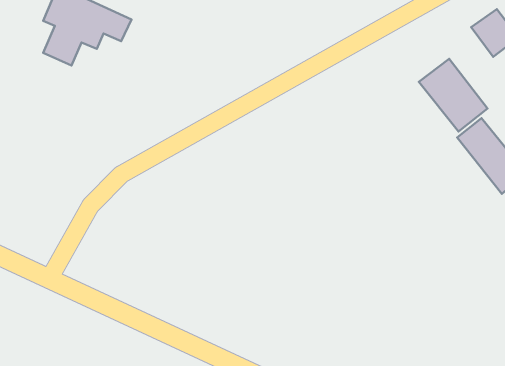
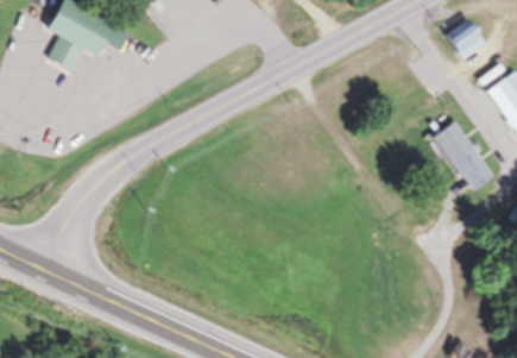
building: [419,59,487,131] -> none

